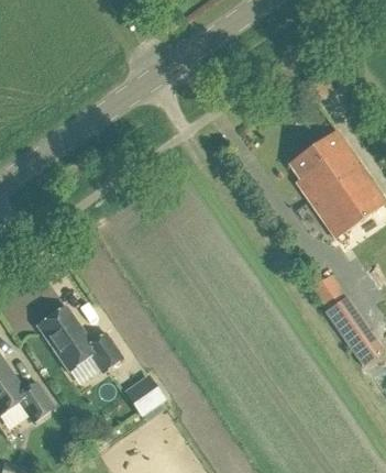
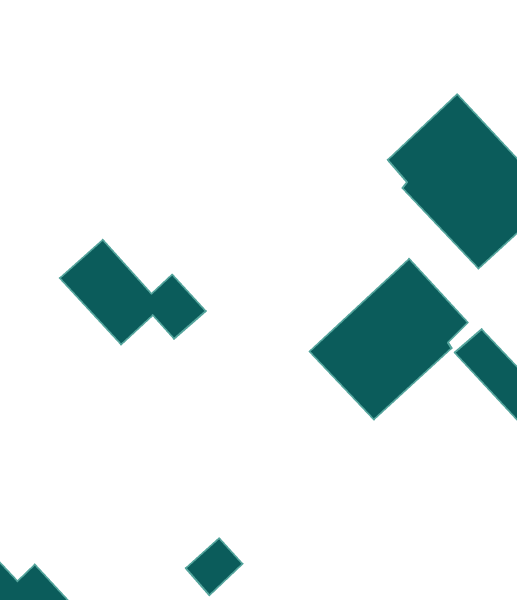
building: none -> [310,259,468,420]
building: [35,305,122,372] -> [60,240,206,345]

